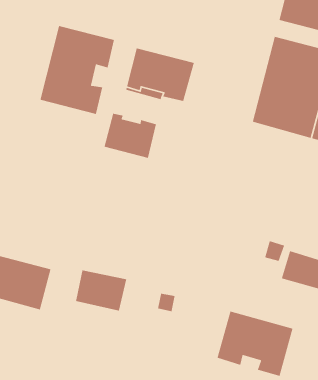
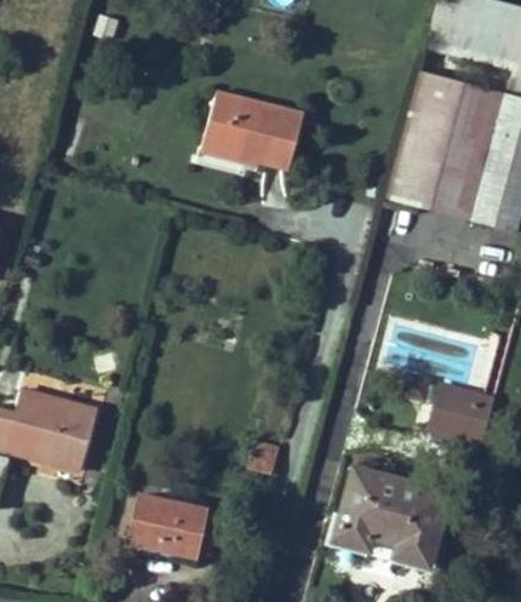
building: [39,25,115,115] -> none
building: [104,113,157,159] -> none
building: [75,270,127,311] -> [132,495,207,556]

